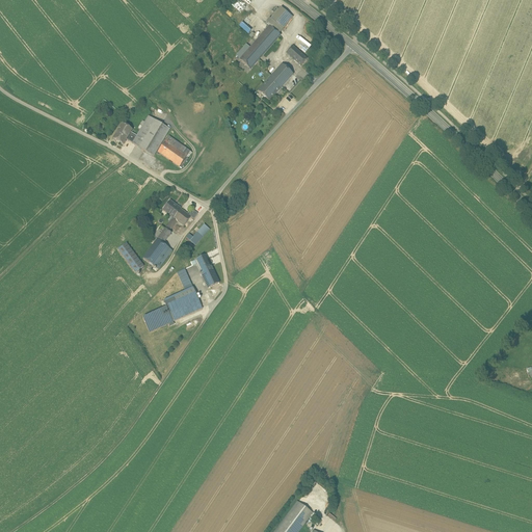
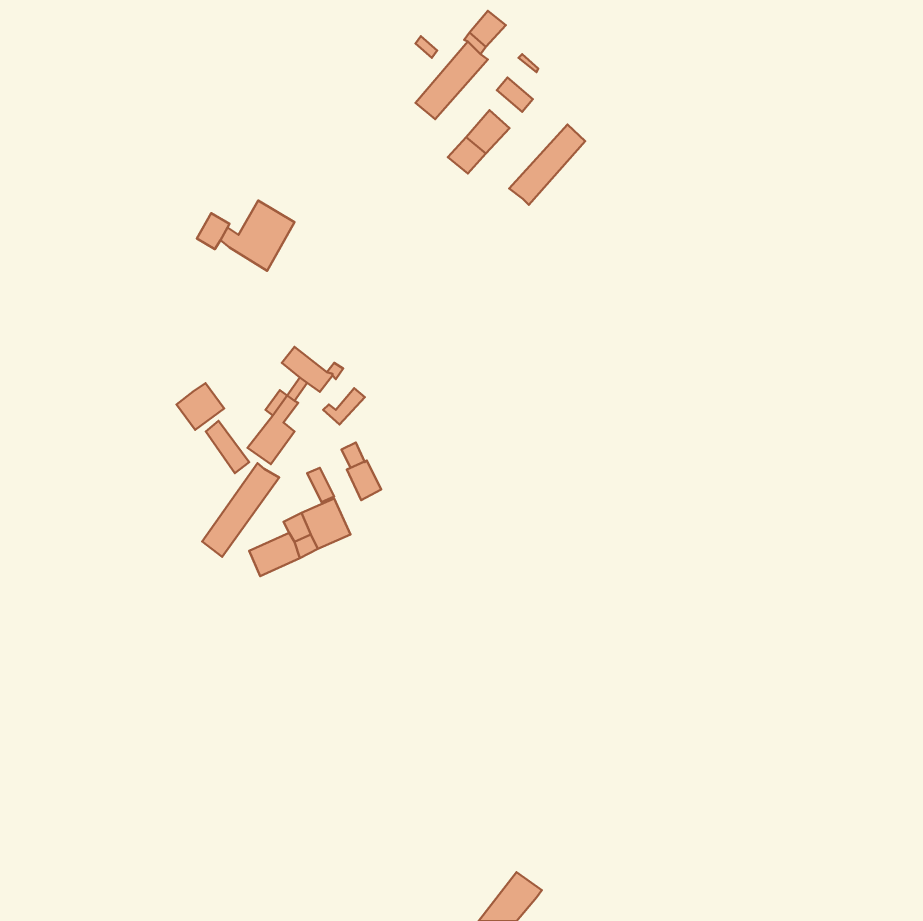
building: none -> [509,125,585,205]
building: [158,135,190,166] -> none
building: none -> [176,383,224,430]
building: none -> [202,463,279,557]

